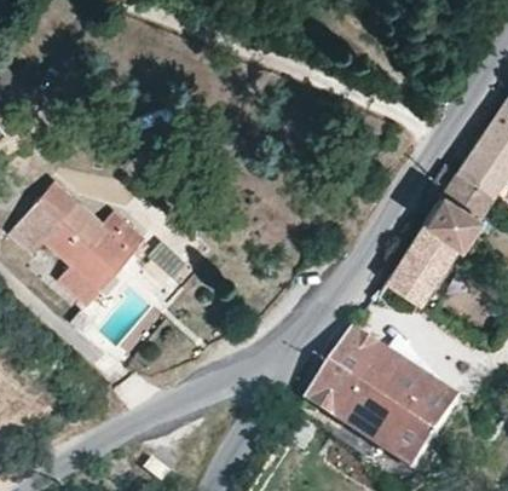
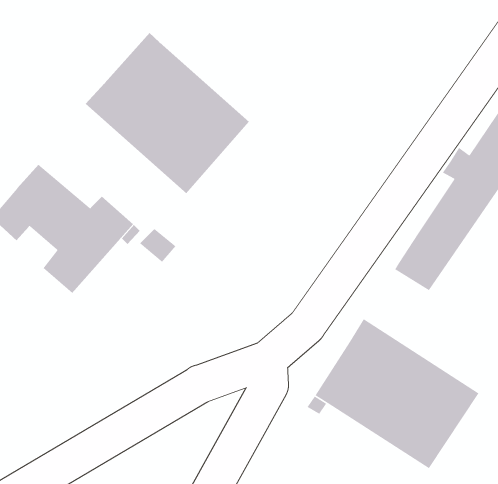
building: none -> [85,32,250,194]

